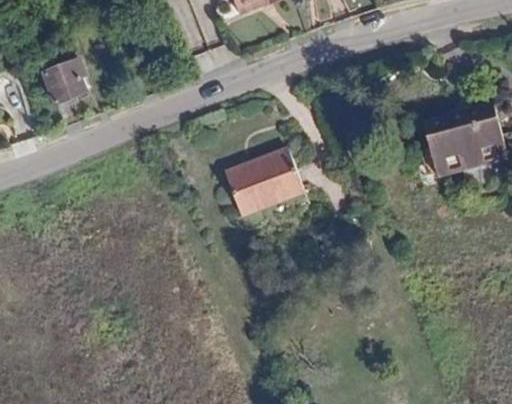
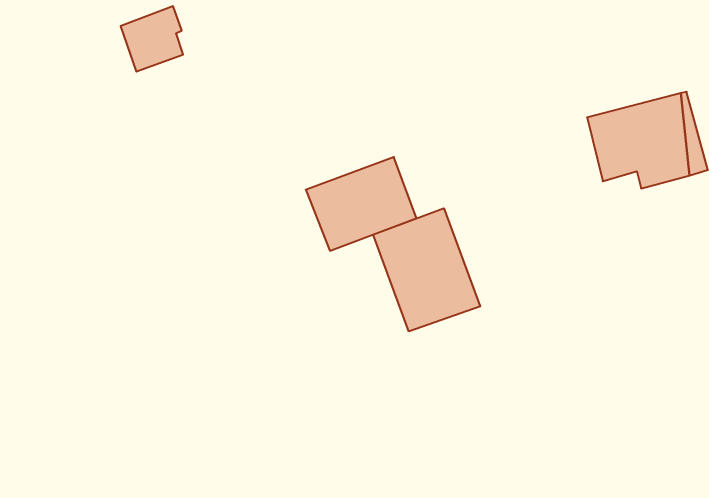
building: [42,59,86,105] -> [121,6,183,72]
building: none -> [373,208,480,331]

